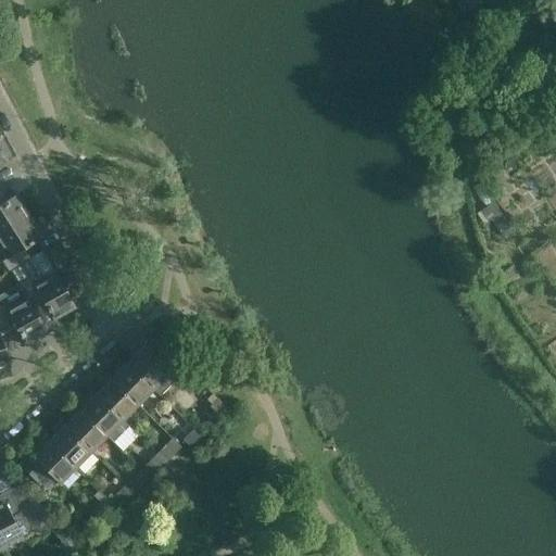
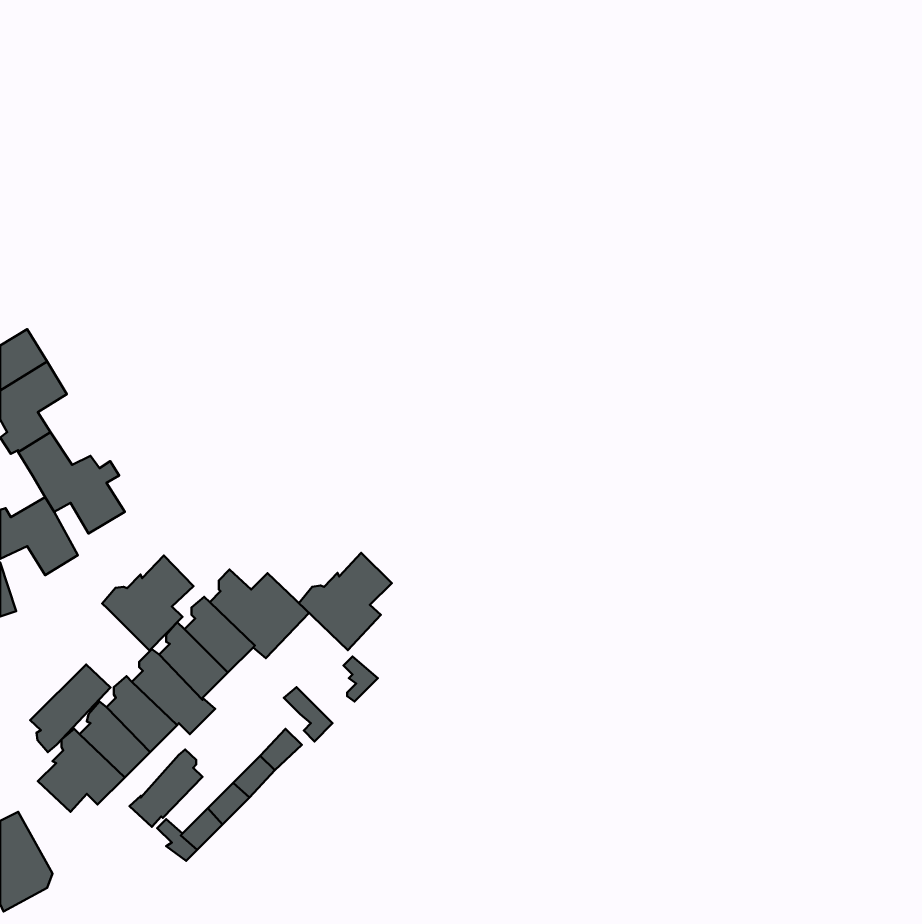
building: none -> [299,553,392,650]
building: none -> [102,556,194,651]
building: none -> [30,664,110,752]
building: none -> [130,750,203,827]

